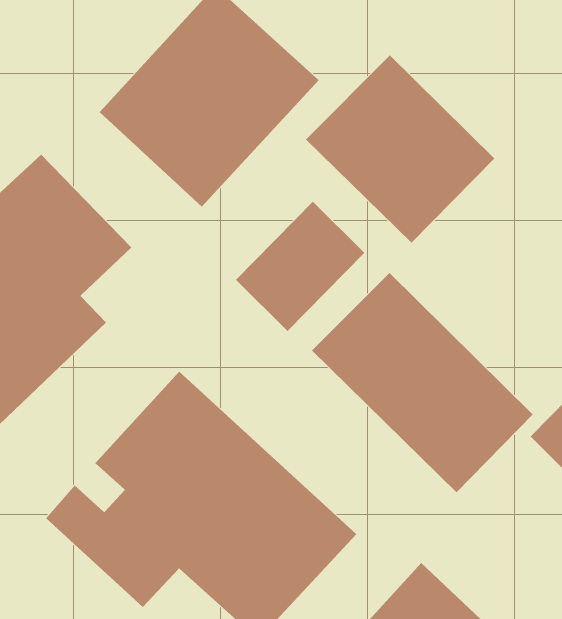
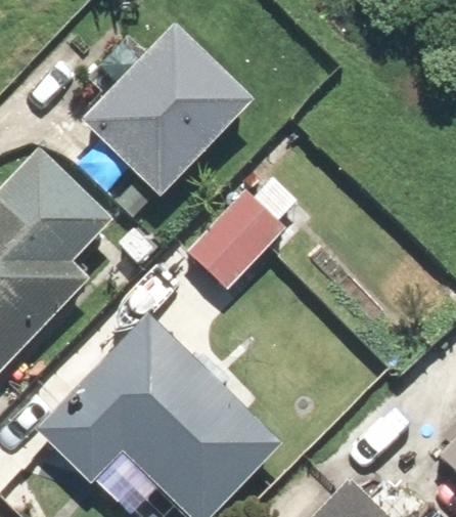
building: [305,54,495,244] -> none
building: [311,272,534,493] -> none

